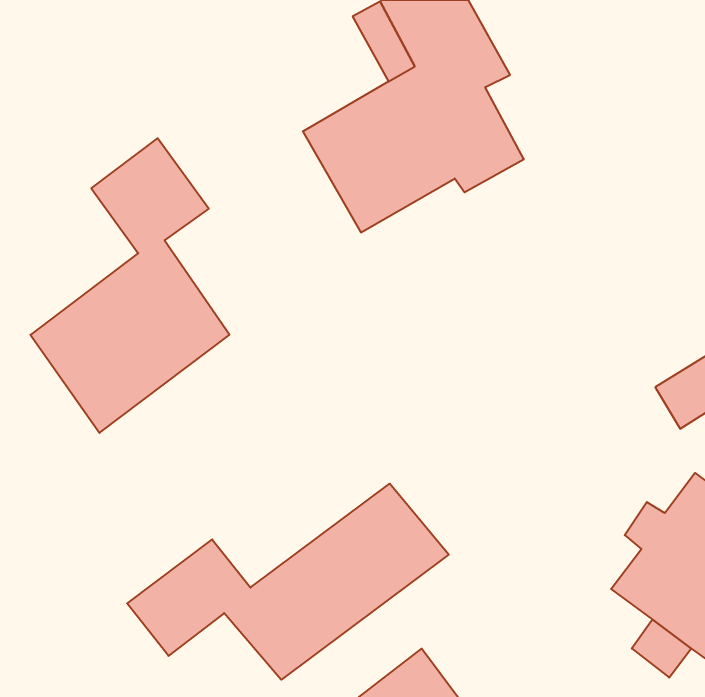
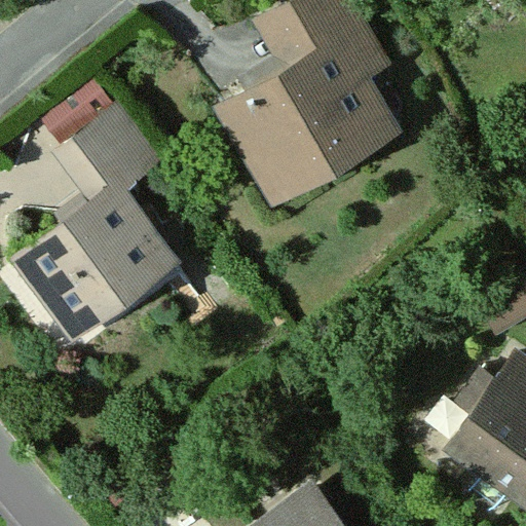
building: [127,484,449,680] -> none

